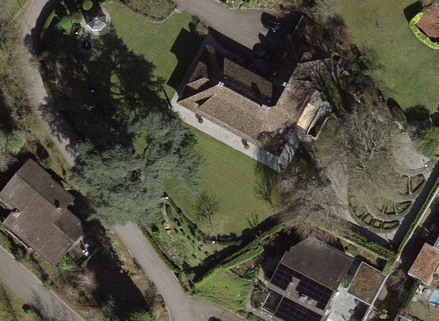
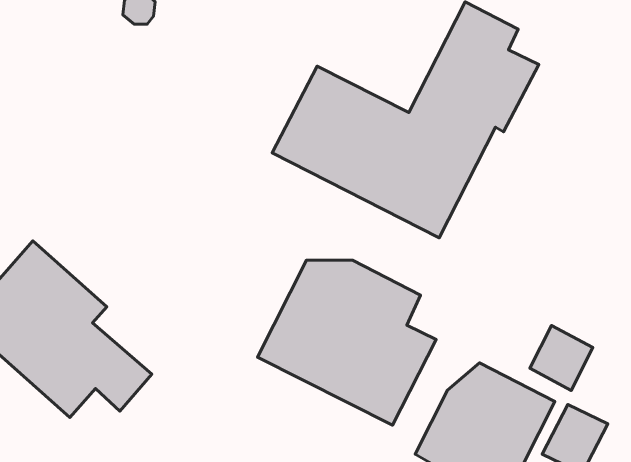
building: none -> [258,260,436,425]
building: none -> [530,325,593,390]

